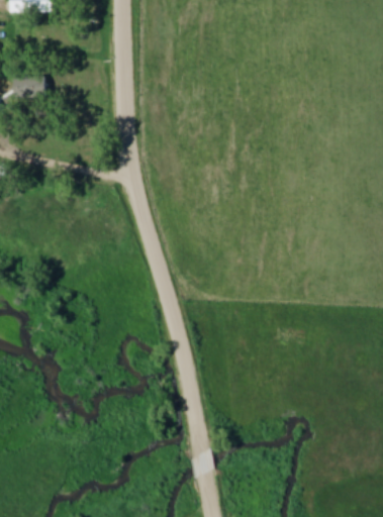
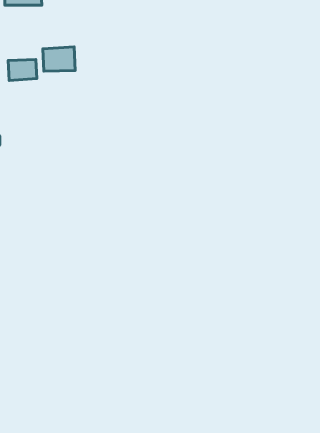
building: none -> [43,47,75,71]

